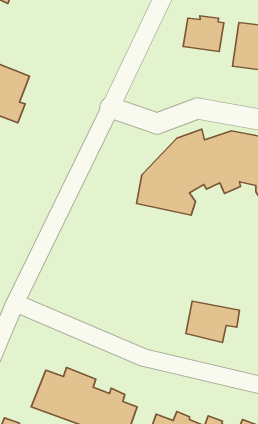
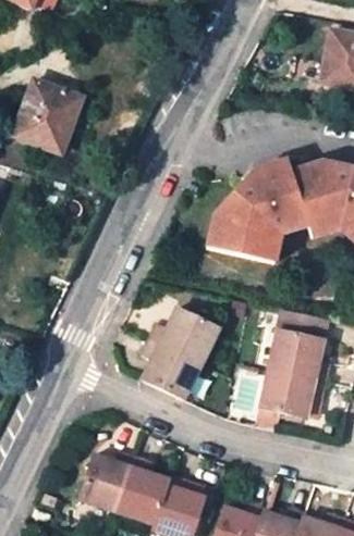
building: [183,16,224,52] -> none
building: none -> [144,304,220,397]
building: none -> [271,307,332,379]

